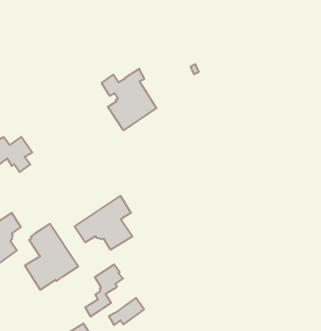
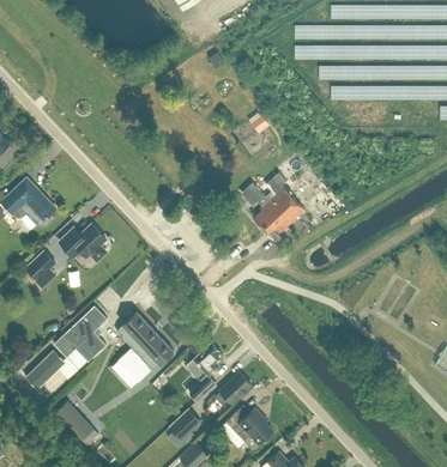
building: [101,69,157,130] -> [242,171,304,238]
building: [75,196,132,250] -> none

